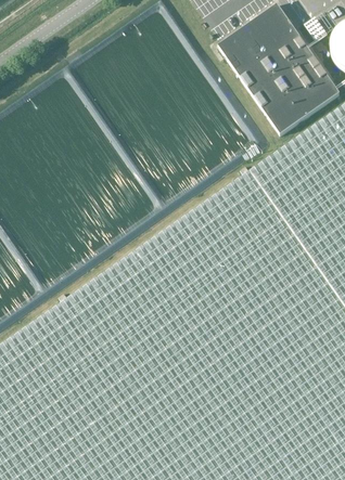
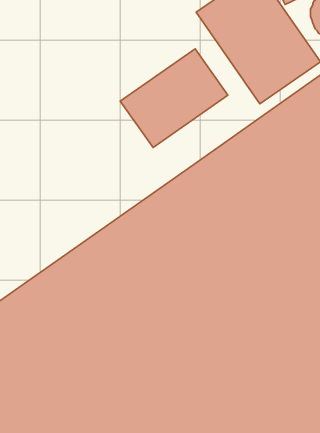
building: none -> [120,49,228,148]

